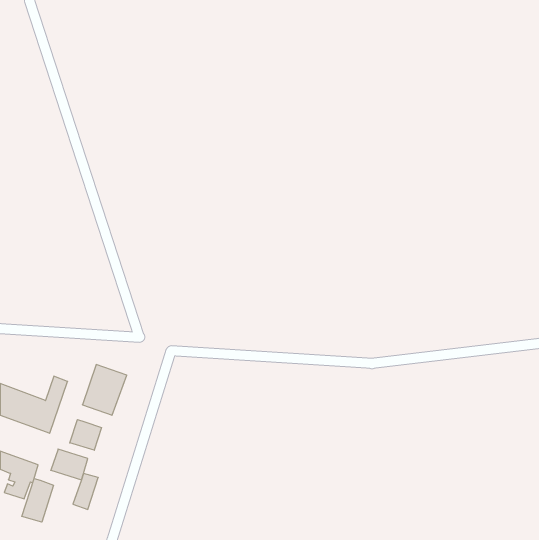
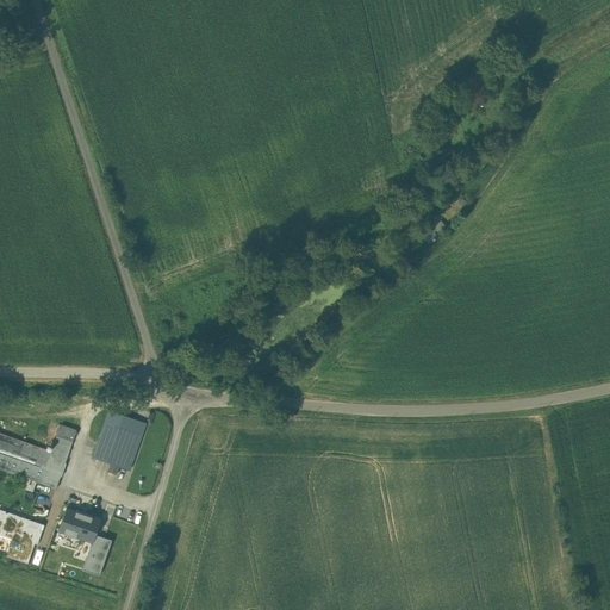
building: [70,420,102,450] -> none
building: [22,479,54,522] -> none

